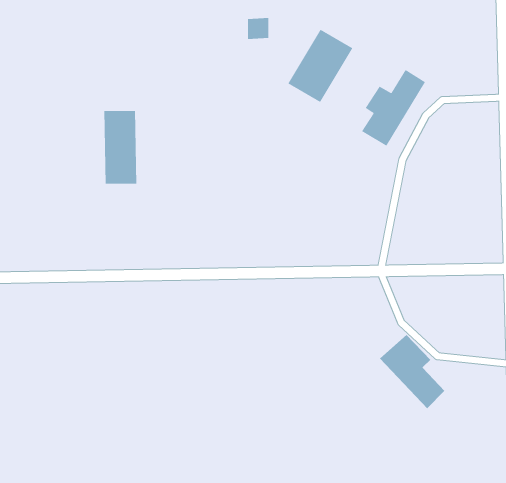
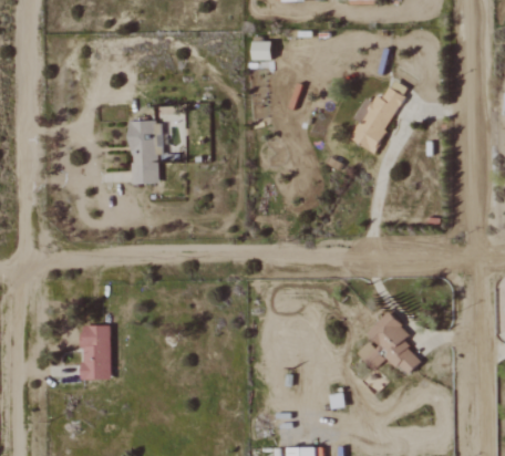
building: [288,29,353,103] -> none
building: none -> [81,324,110,379]

